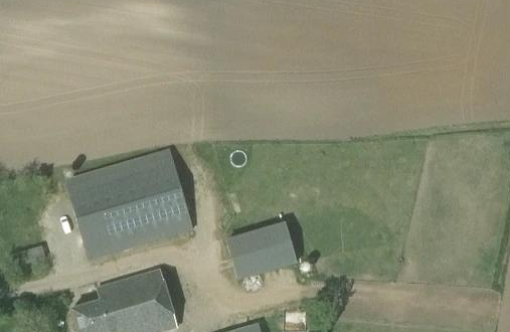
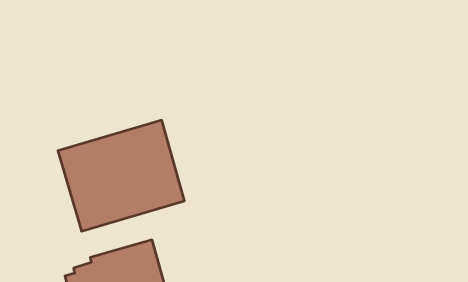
building: [224,220,298,281] -> none

